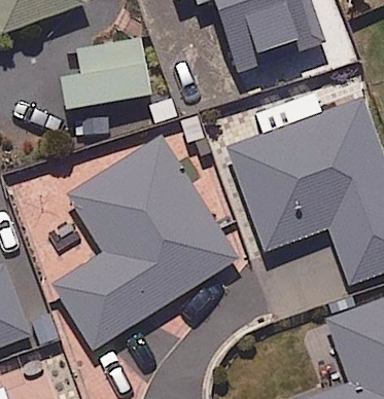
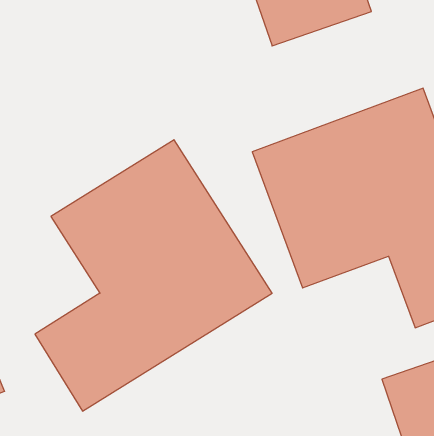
building: [66,34,150,107] -> none

